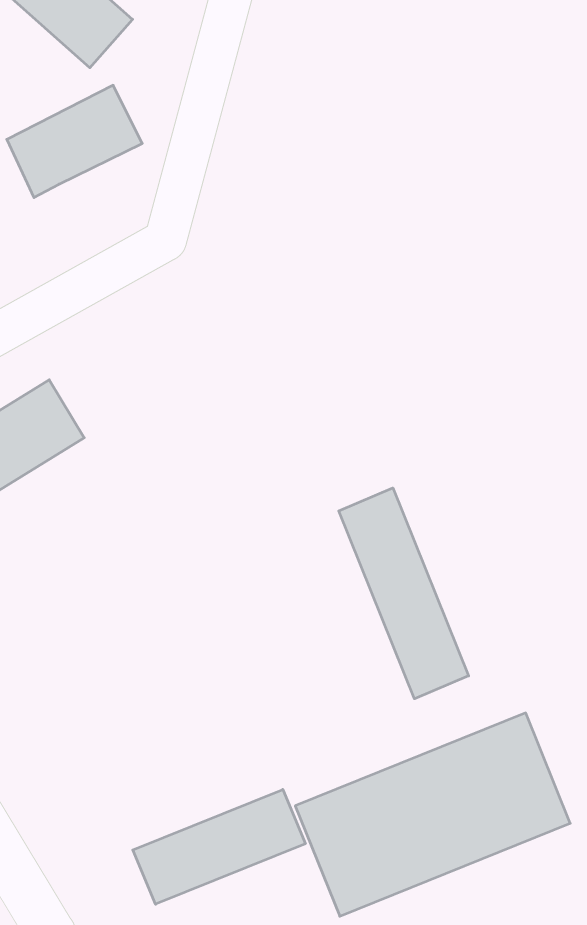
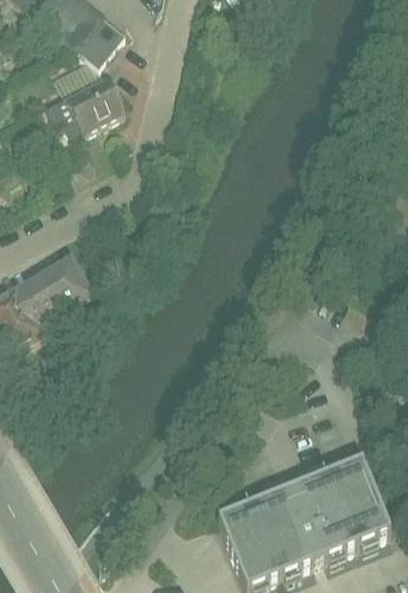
building: [339,488,469,699] -> none
building: [133,789,305,904] -> none

